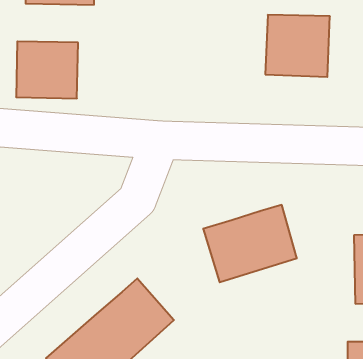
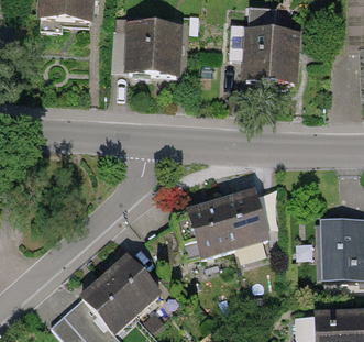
building: [16,41,78,98] -> [125,24,179,74]

